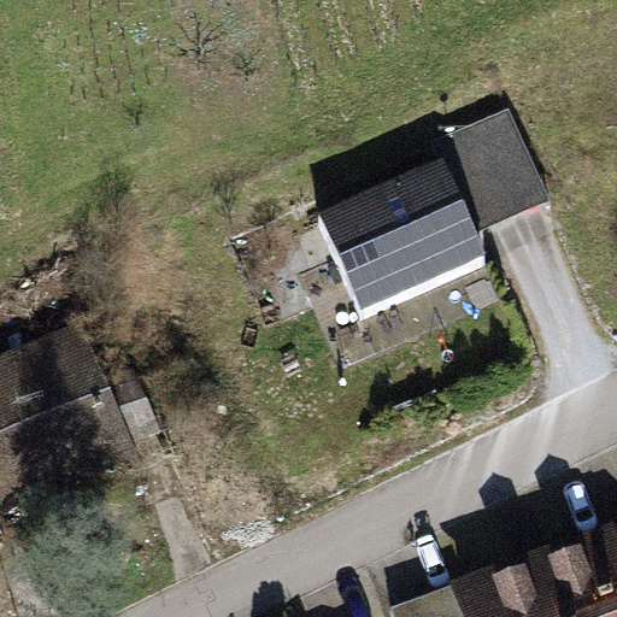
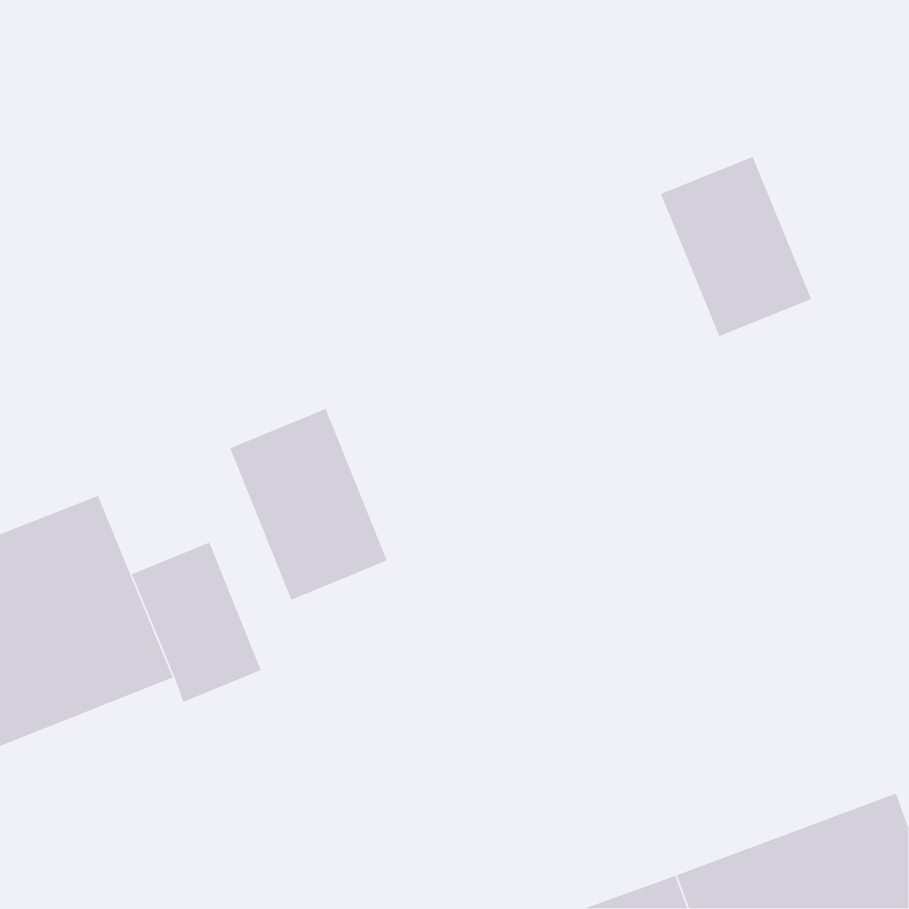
building: [312,168,478,315] -> none
building: none -> [229,408,388,601]

